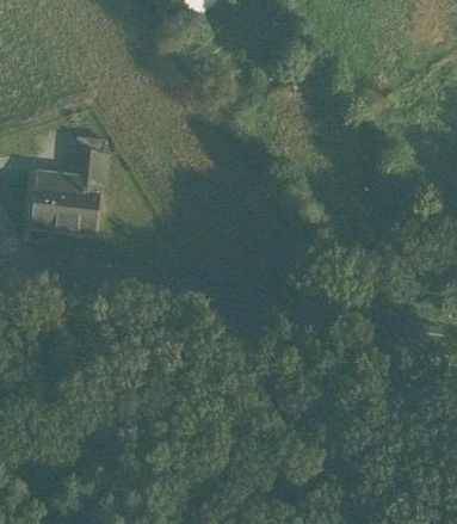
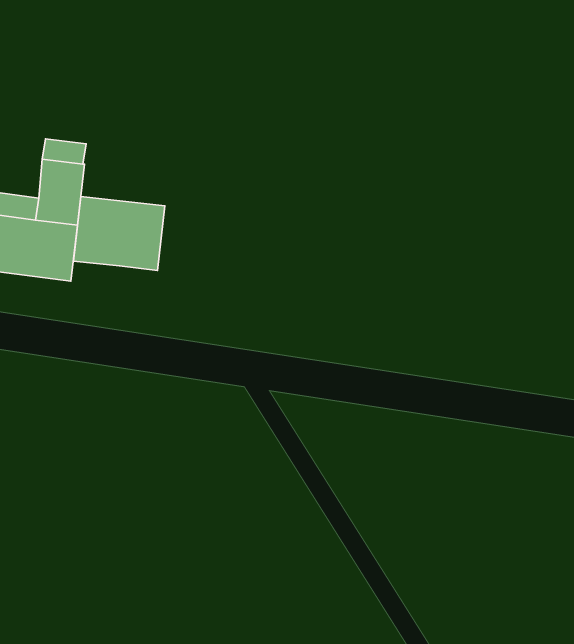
building: none -> [74,197,165,270]

